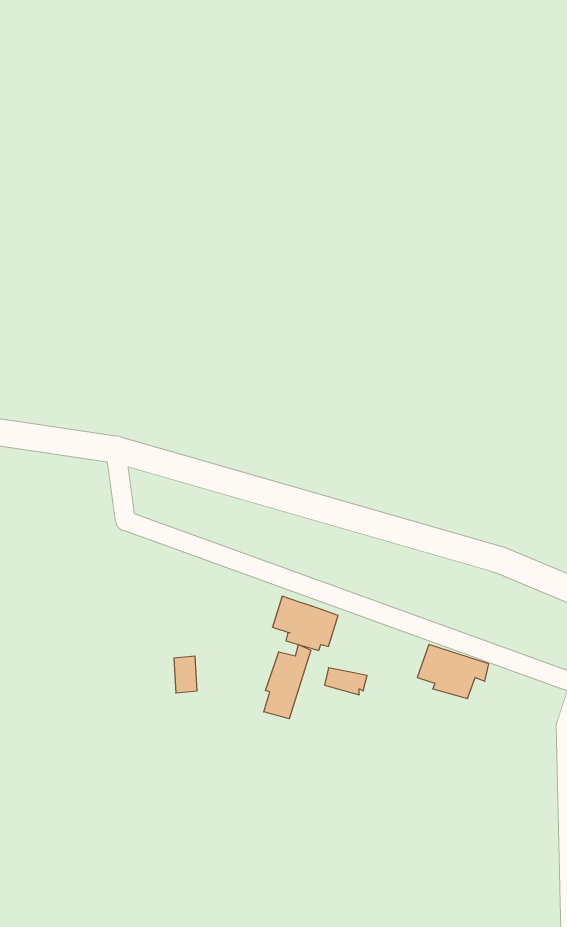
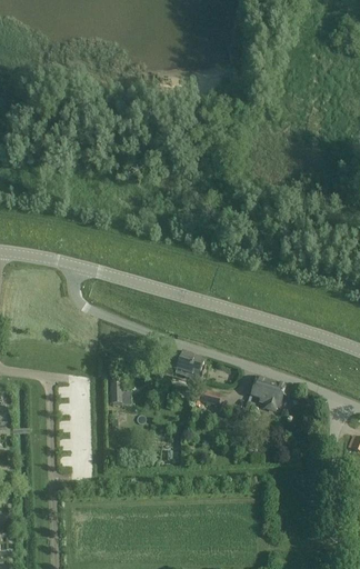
building: [264,644,311,719] -> none

